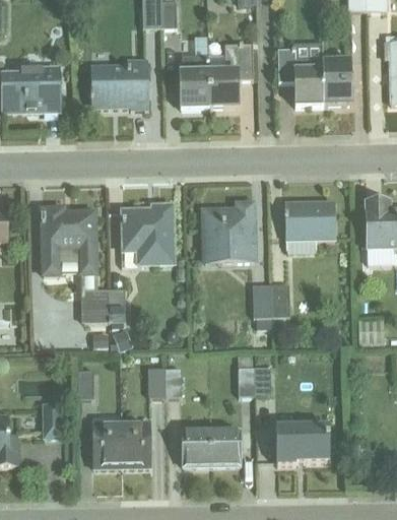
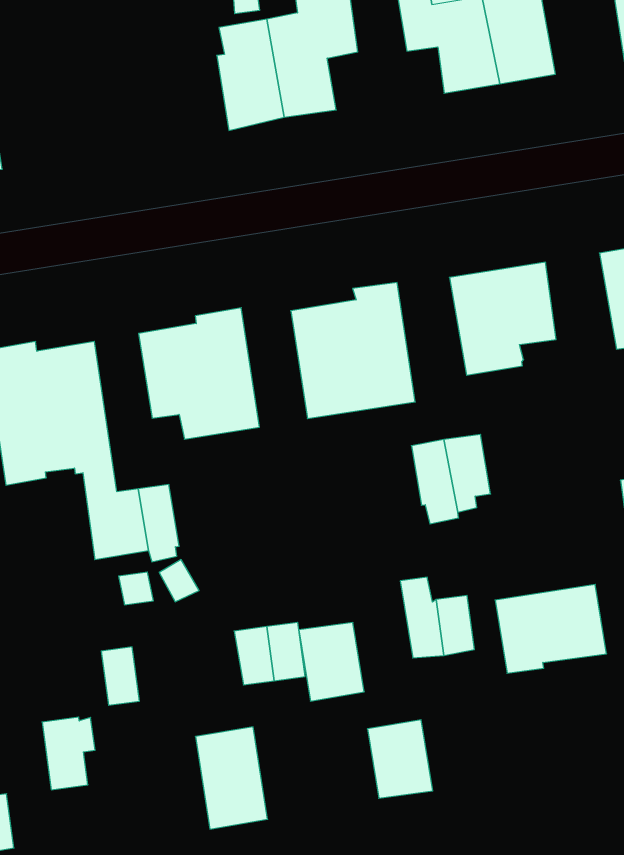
building: [90,58,148,111] -> none
building: [91,420,122,469] -> none
building: [275,425,329,464] -> [495,584,607,673]
building: [182,429,211,466] -> [299,623,364,701]

